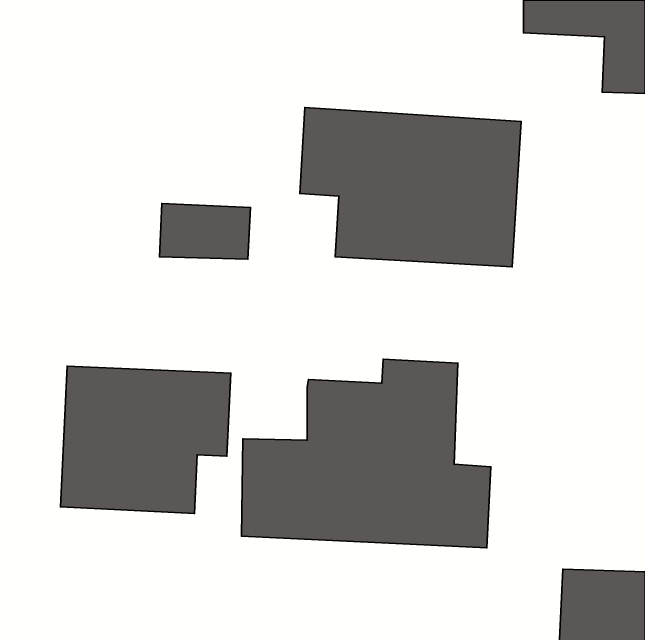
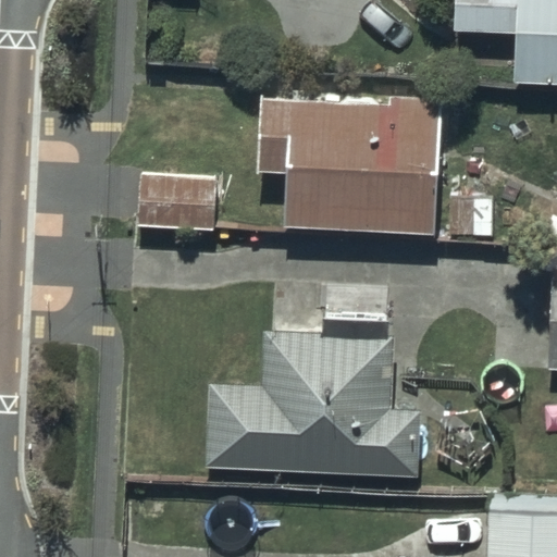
building: [61,366,231,514] -> none

